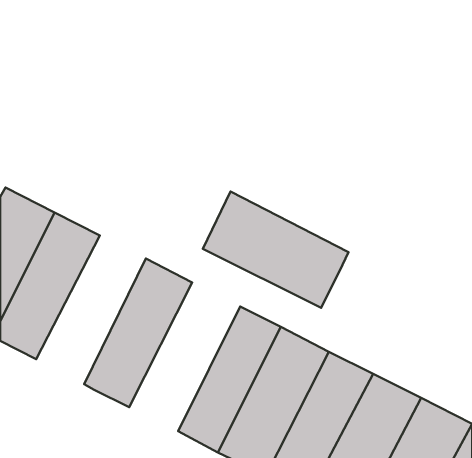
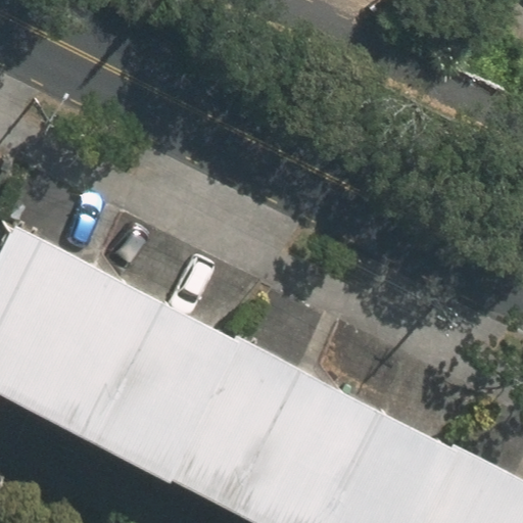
building: [203,191,349,308] -> none
building: none -> [40,276,161,440]
building: none -> [143,328,266,492]

